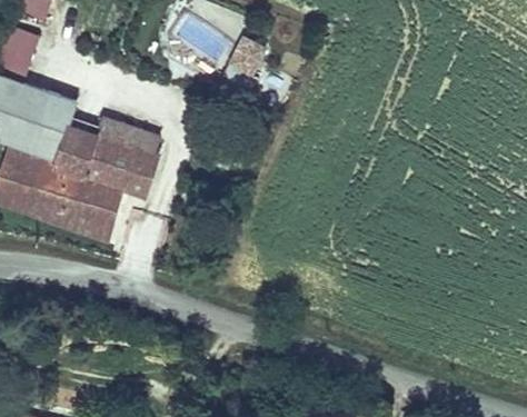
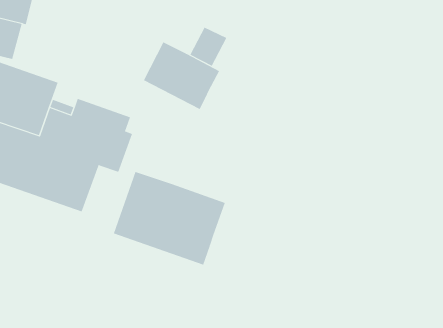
building: none -> [143,42,220,110]
building: none -> [113,171,225,265]

